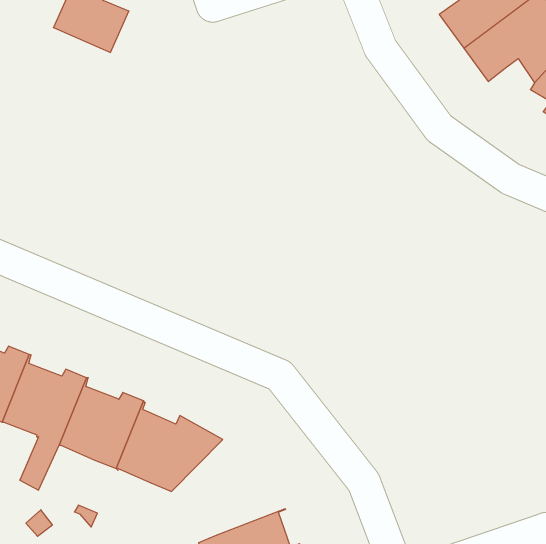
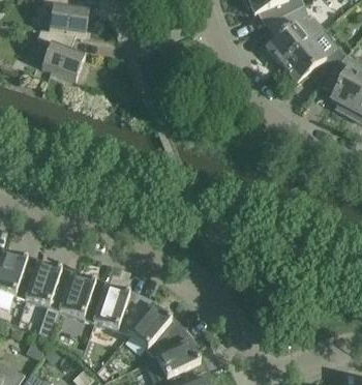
building: none -> [127,301,193,357]

